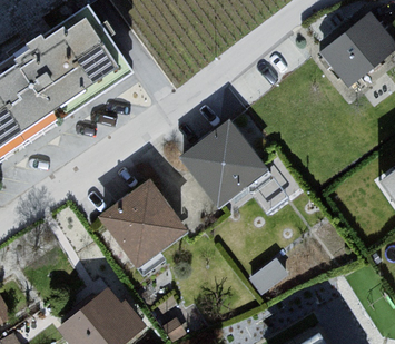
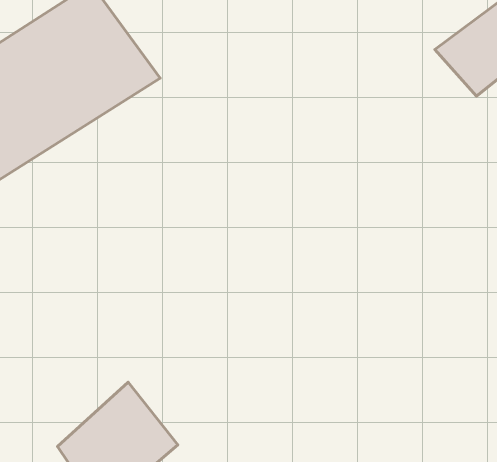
building: [178,120,265,206] -> none
building: [92,178,185,265] -> none

